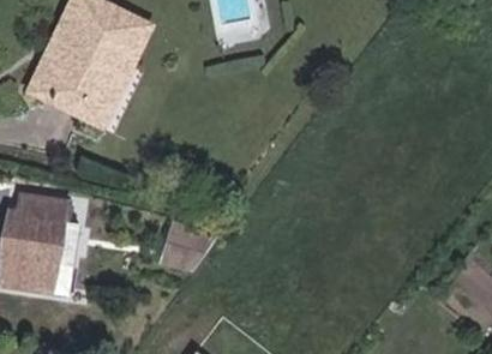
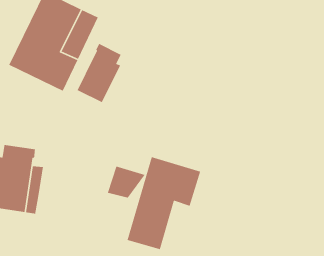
building: none -> [77,43,122,103]
building: none -> [127,156,201,250]

